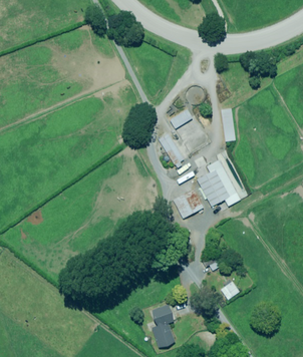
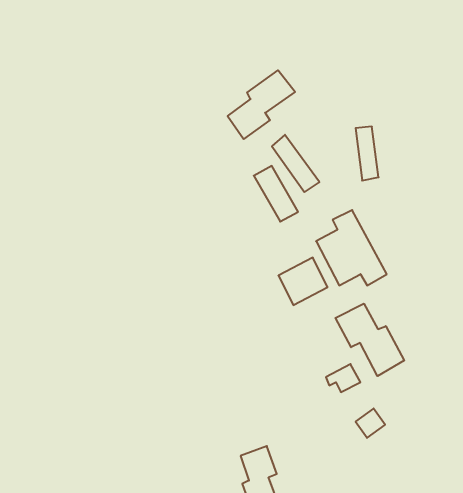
building: none -> [228,70,295,139]
building: none -> [335,304,404,376]

